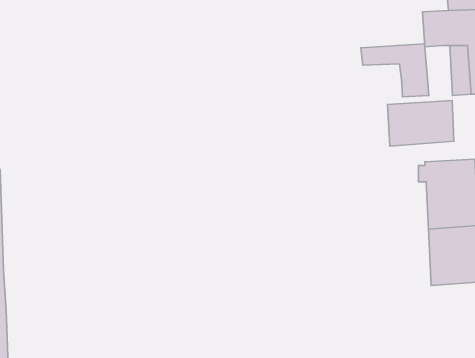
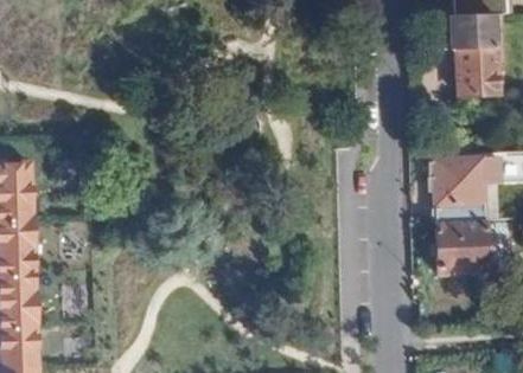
building: [361,44,429,97] -> none
building: [388,101,454,146] -> none

